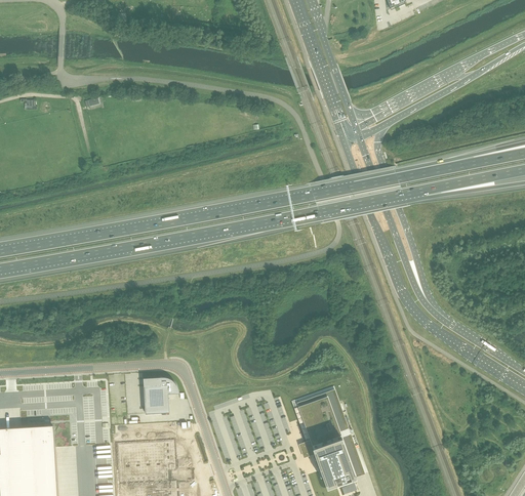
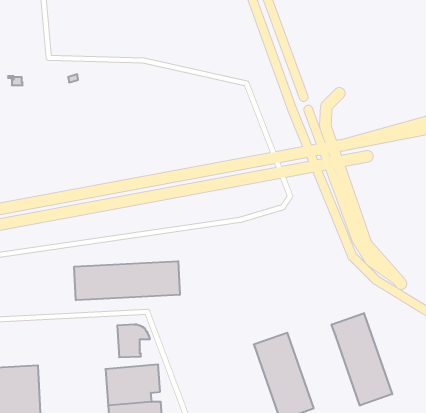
building: none -> [74,261,180,300]
building: none -> [332,313,392,406]

